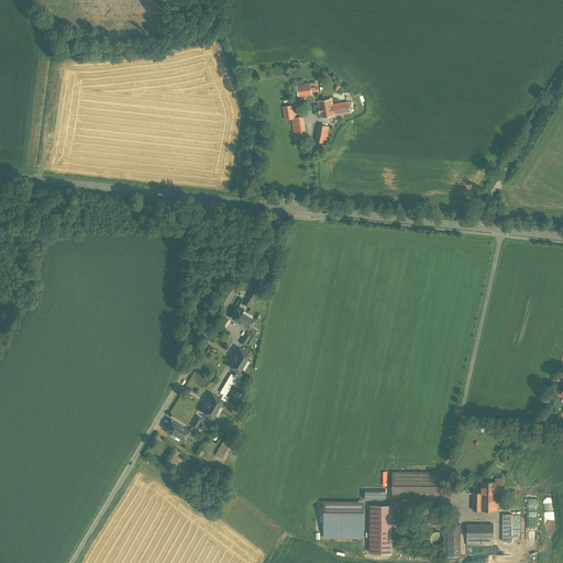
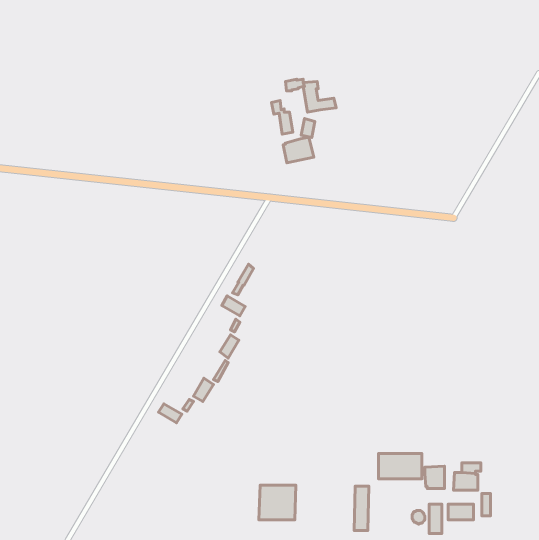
building: none -> [283,137,314,163]
building: none -> [425,466,444,488]
building: [323,501,362,538] -> [259,485,296,520]

